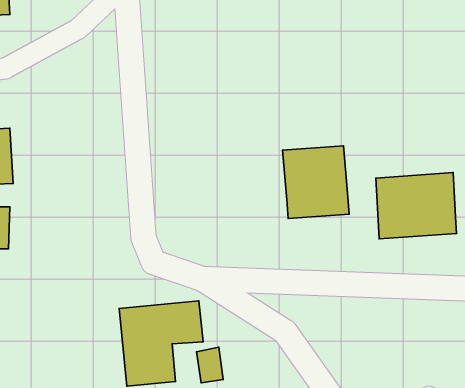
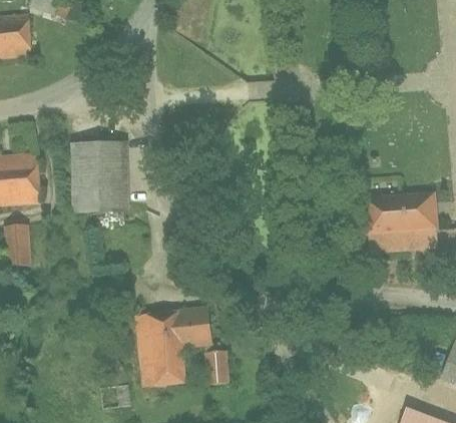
building: none -> [69,140,130,228]
building: [283,146,349,219] -> none

